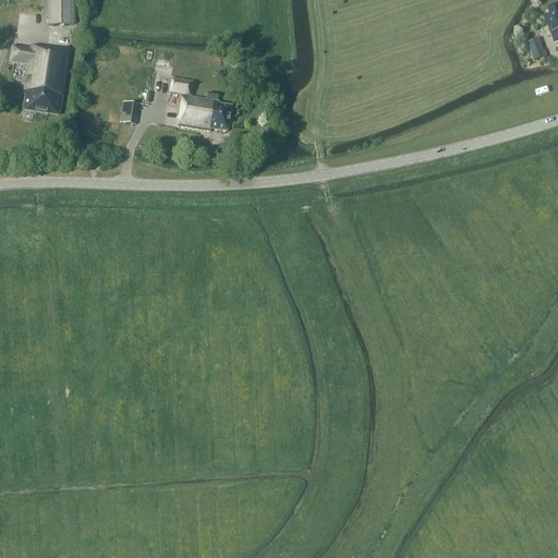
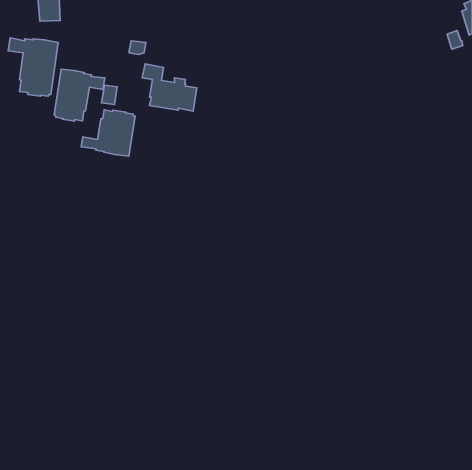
building: none -> [54,69,105,121]
building: none -> [81,110,135,156]

